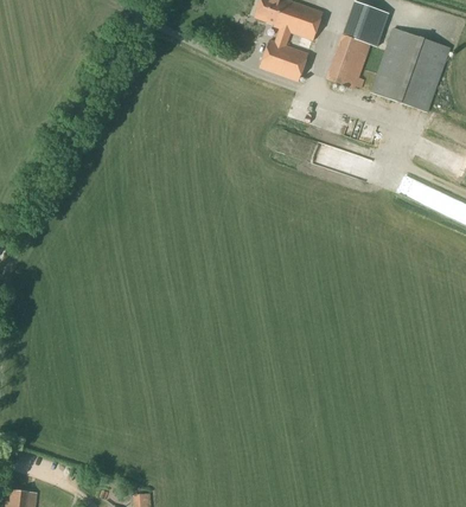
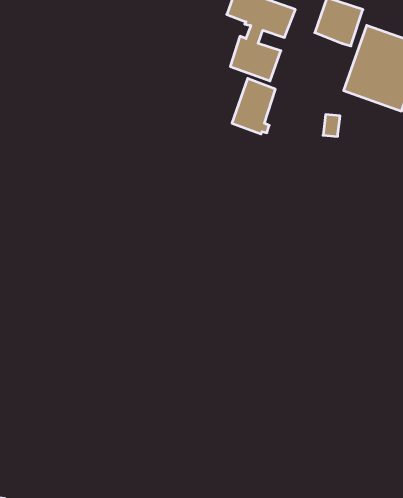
building: [326,34,369,89] -> [232,78,275,134]

